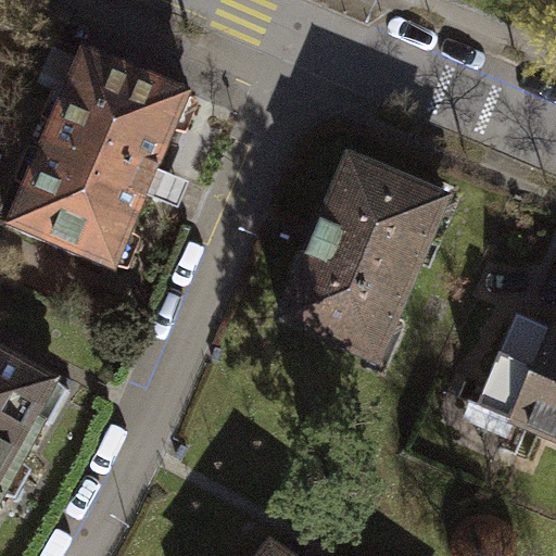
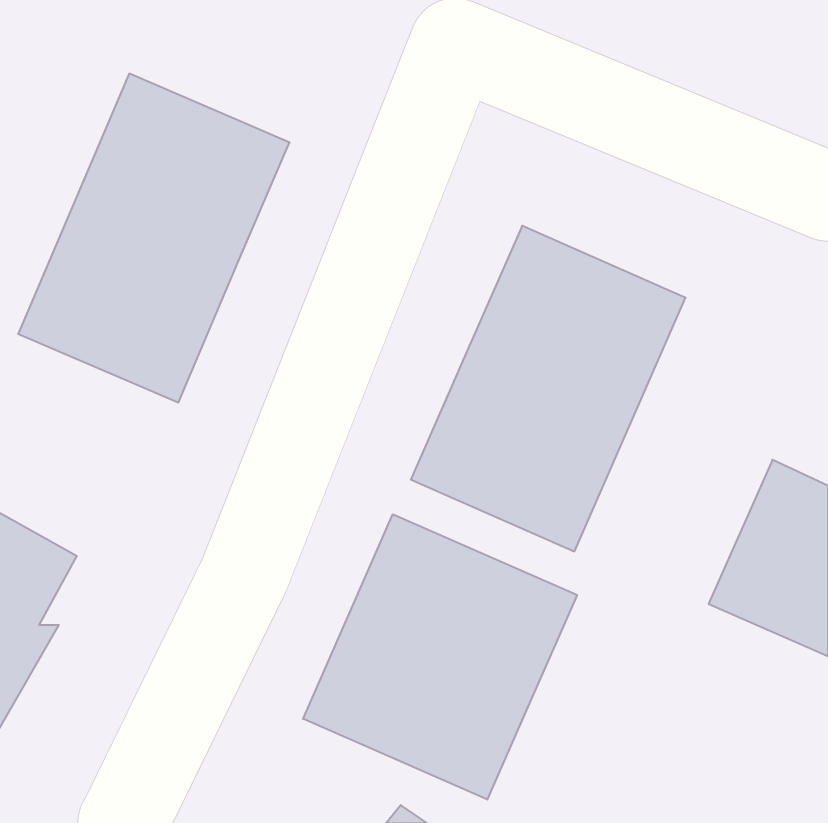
building: none -> [303,514,577,800]

